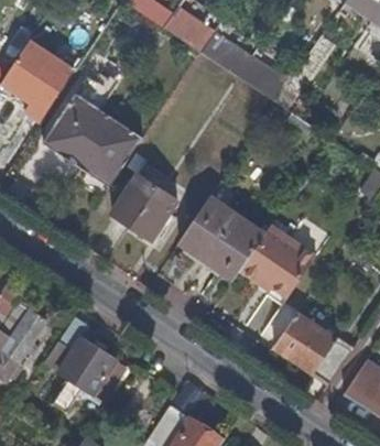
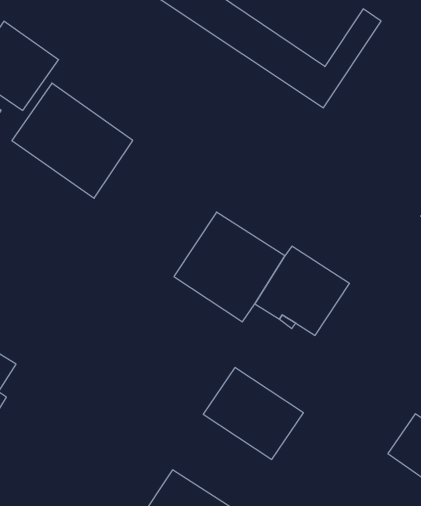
building: [110,174,175,240] -> none
building: [274,307,355,381] -> [203,368,303,459]
building: [43,338,112,411] -> none

